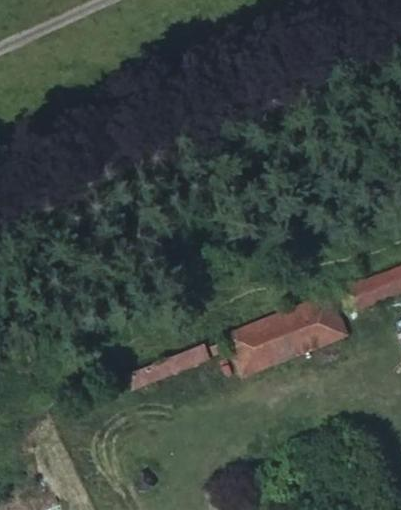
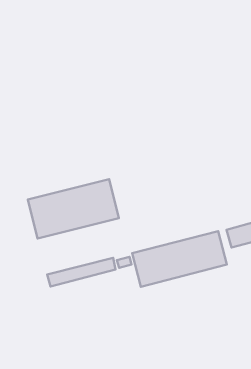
building: none -> [28,179,119,239]

